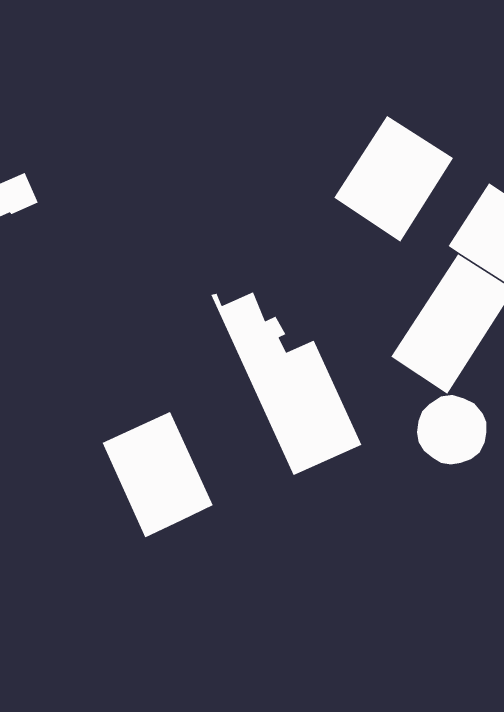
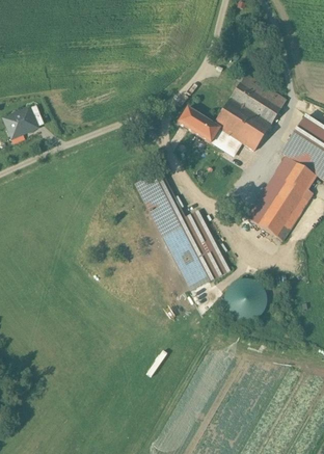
building: none -> [177,106,232,150]
building: [416,394,487,465] -> [223,277,266,320]
building: [102,411,214,539] -> none

